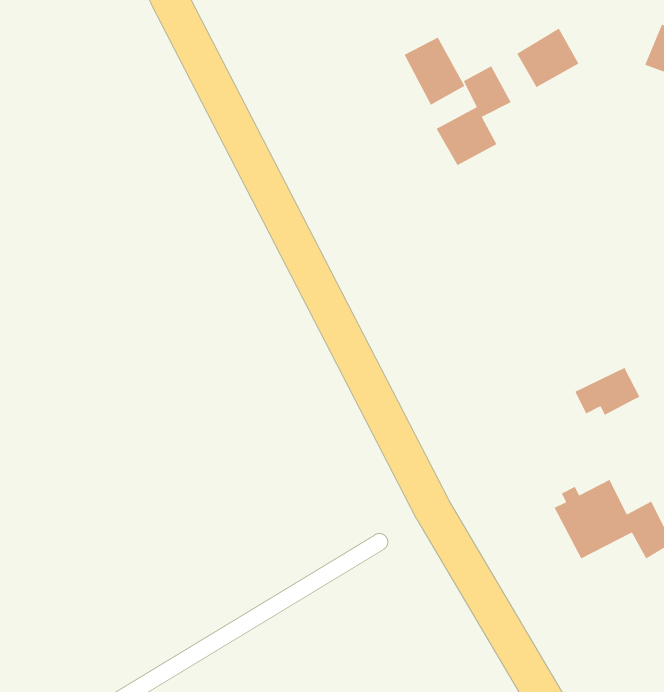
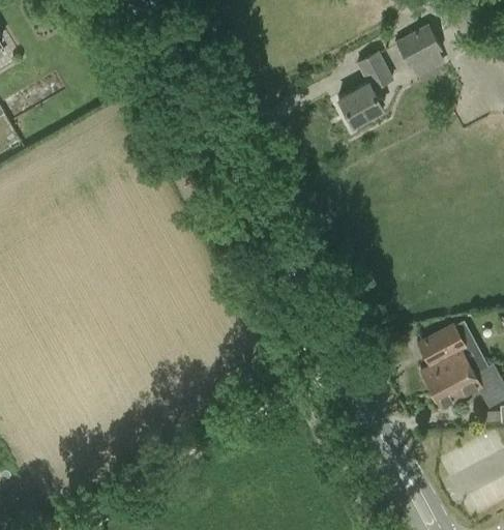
building: [404,36,465,106] -> none
building: [574,367,641,416] -> [420,327,468,362]

